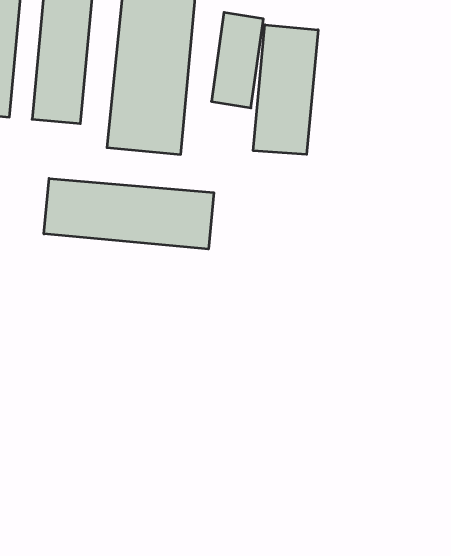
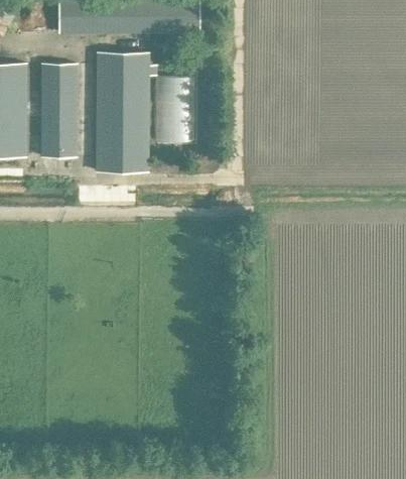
building: [253,25,318,154] -> none
building: [44,178,214,249] -> none

